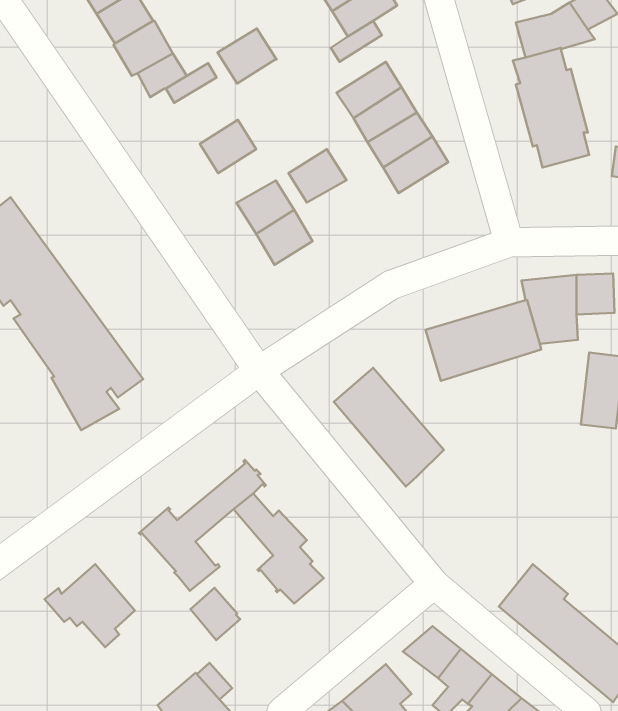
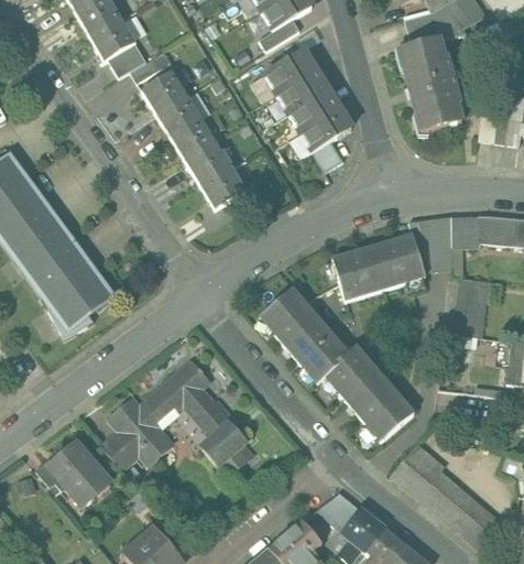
building: [217,28,277,83] -> [141,70,187,113]
building: [289,149,346,203] -> [171,118,216,160]
building: none -> [326,346,412,438]
building: [191,588,240,640] -> [101,427,140,468]

